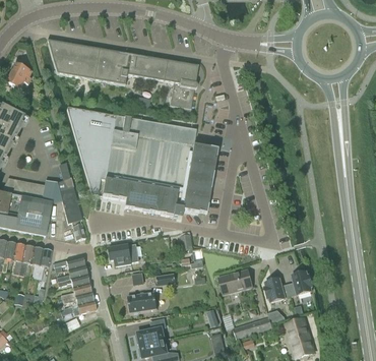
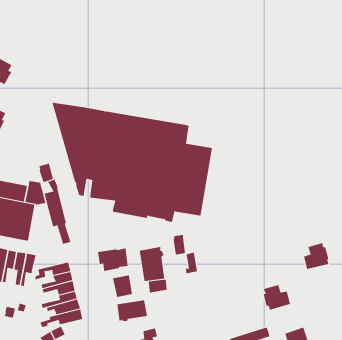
building: [47,39,198,107] -> none
building: none -> [139,246,165,282]
building: [217,267,252,293] -> none
building: [288,269,312,295] -> [303,242,329,270]

